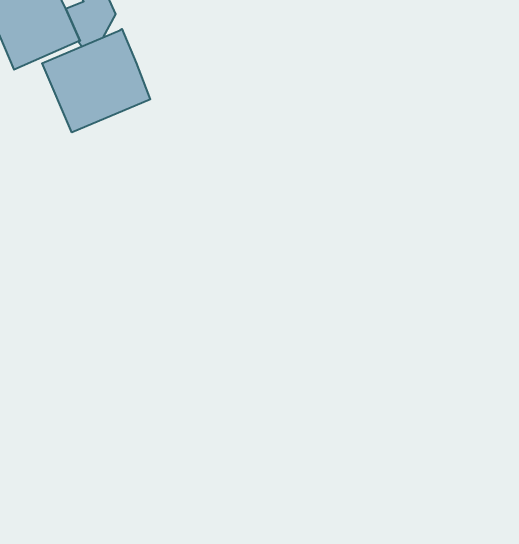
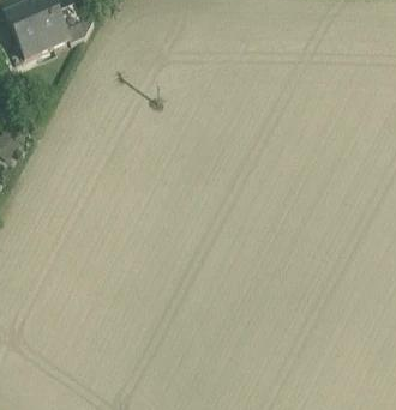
building: [42,29,150,132] -> none

